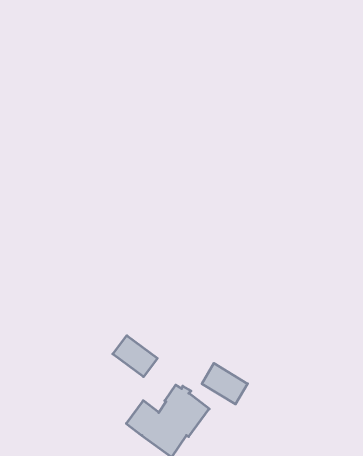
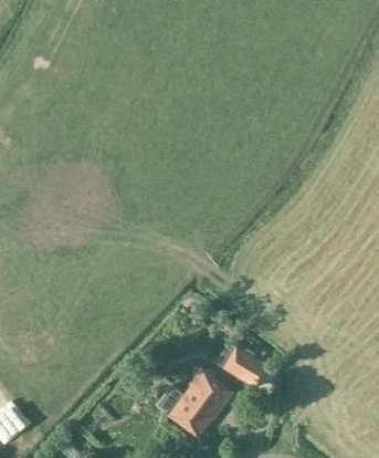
building: [113,336,157,377] -> none

